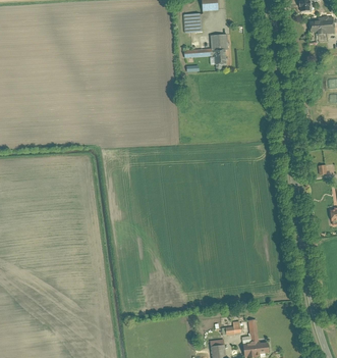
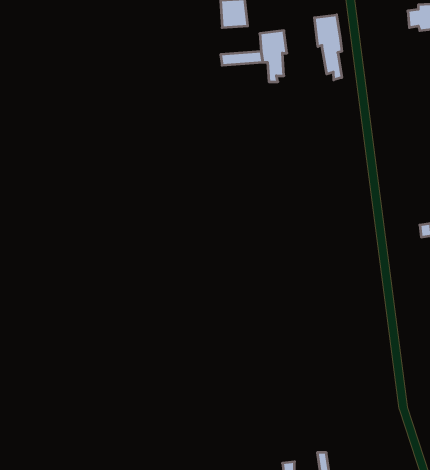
building: none -> [314,15,342,80]

